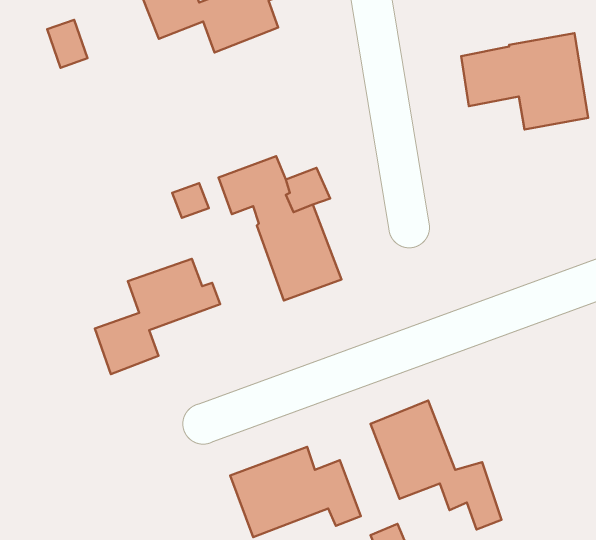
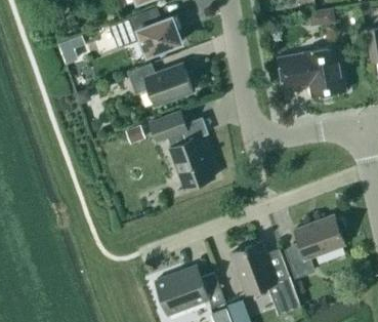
building: none -> [126,63,192,104]
building: [95,259,220,374] -> none
building: none -> [284,214,344,278]

